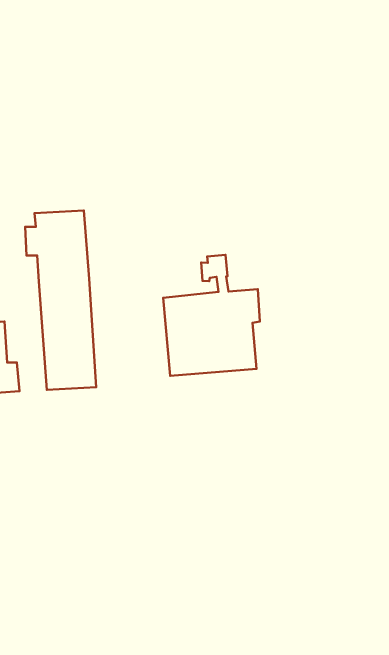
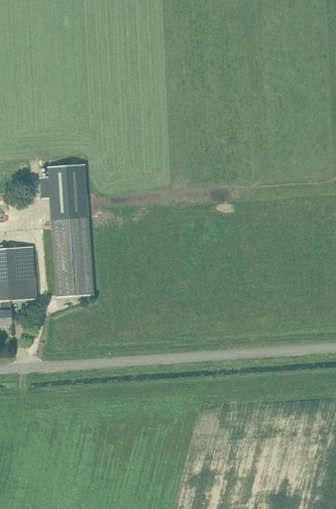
building: [163,255,260,376] -> none

